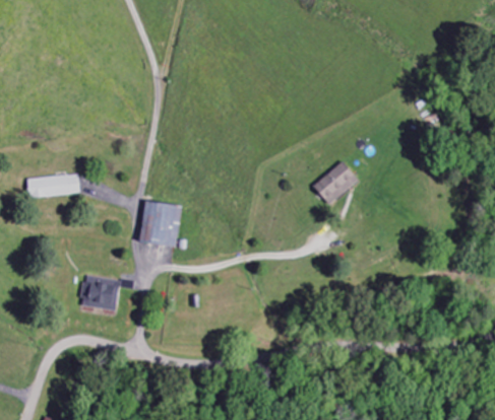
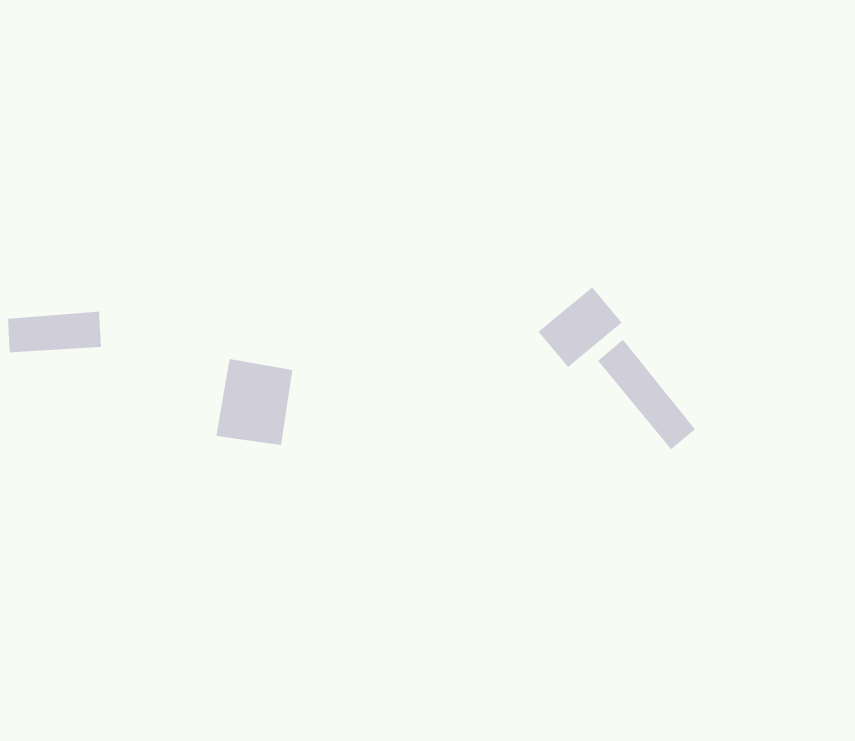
building: none -> [597,339,696,450]
building: [83,279,119,309] -> none

